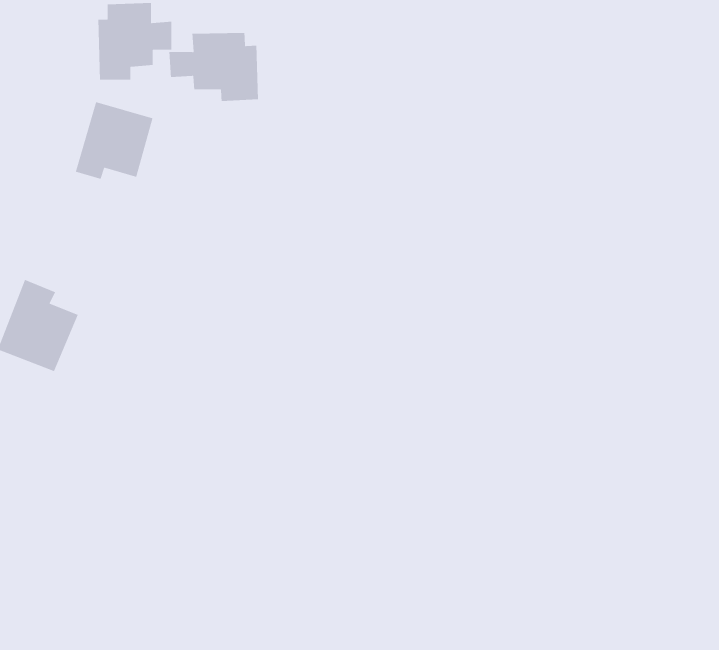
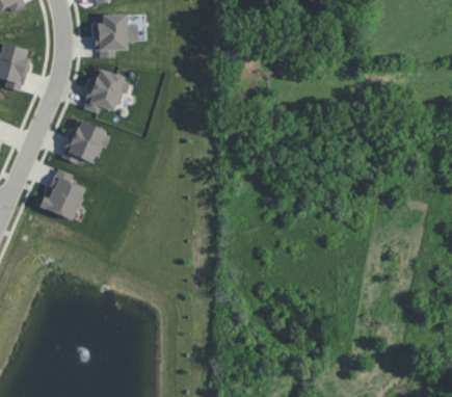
building: [168,32,259,102] -> none
building: none -> [60,117,108,164]

